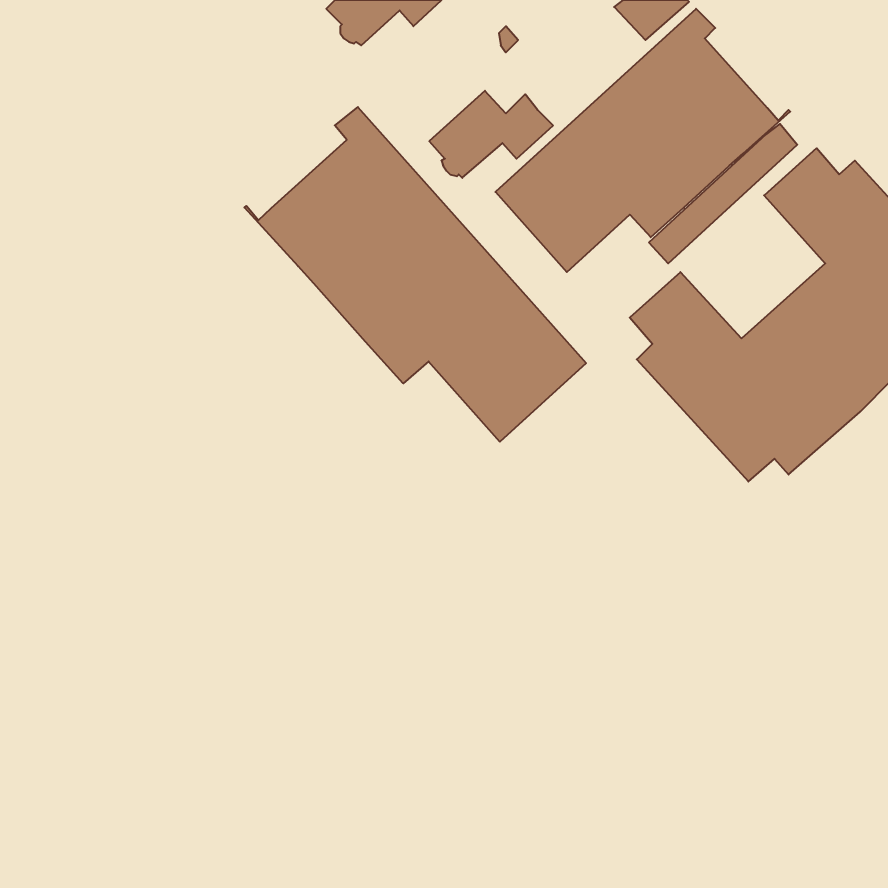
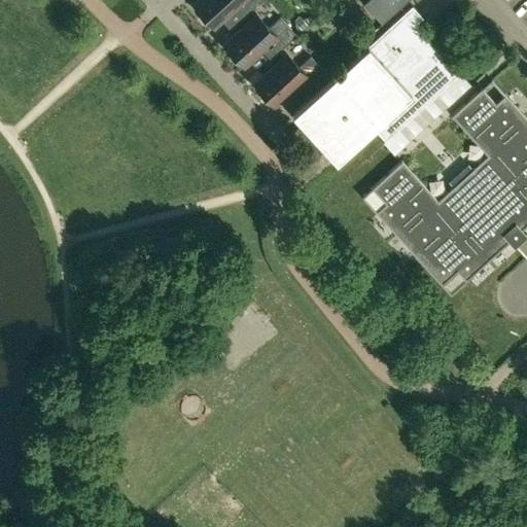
building: none -> [225,16,297,68]
building: [244,107,586,442] -> none

